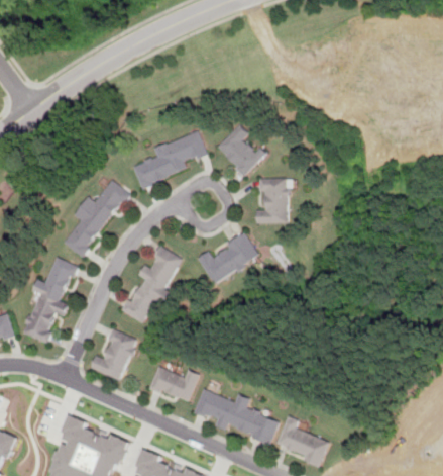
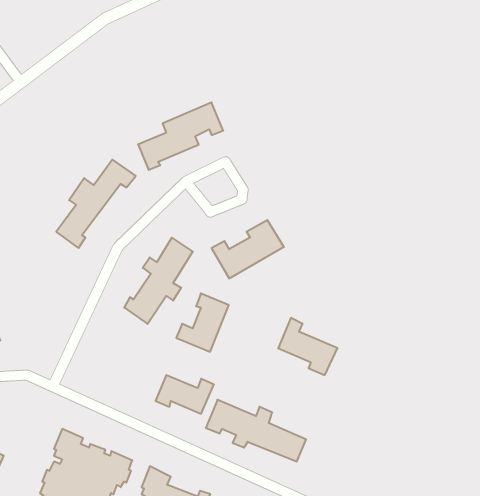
building: [215,122,266,176] -> none
building: [256,179,287,223] -> none
building: [22,258,78,343] -> none
building: [91,328,136,379] -> [176,293,229,352]
building: [278,416,329,466] -> [278,318,338,375]

